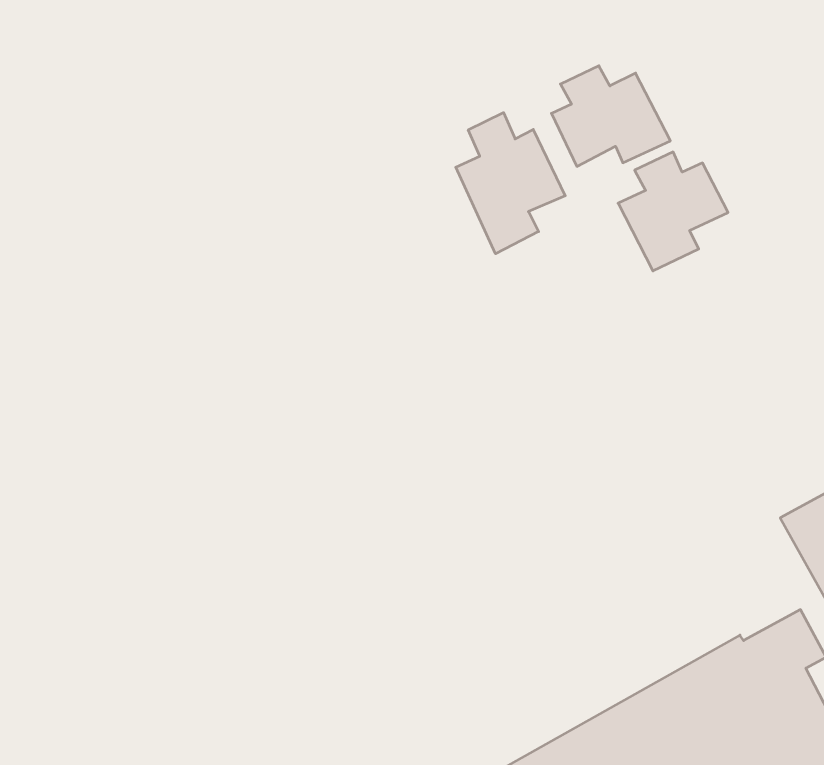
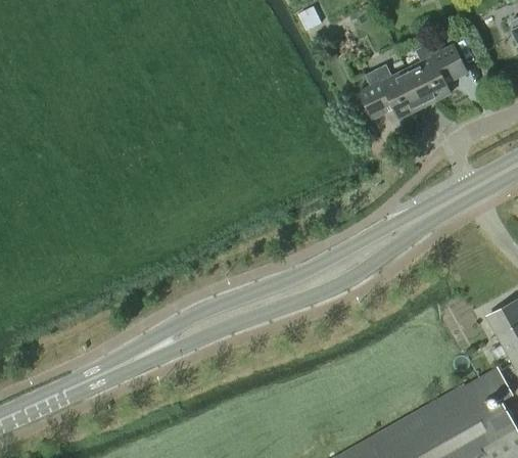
building: [456,113,565,254] -> none
building: [618,152,728,271] -> [407,41,468,107]

